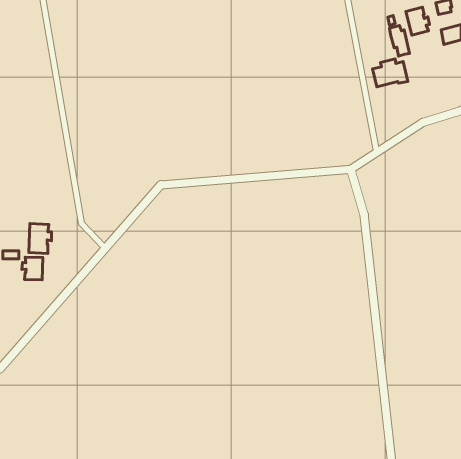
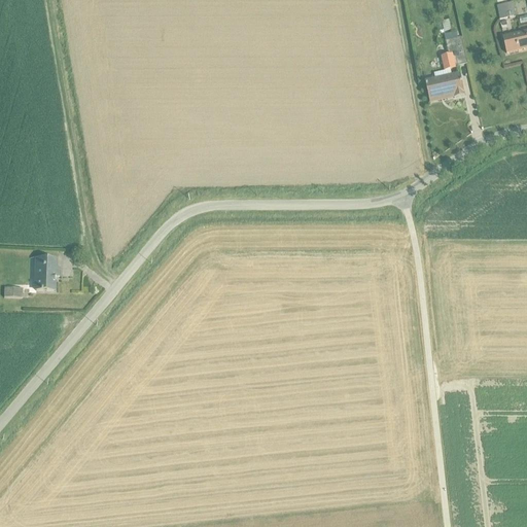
building: [406,7,429,35] -> none
building: [22,257,43,280] -> none

